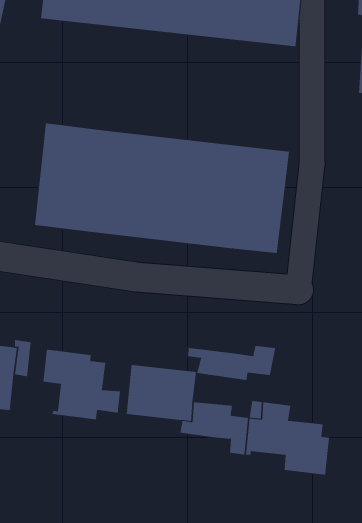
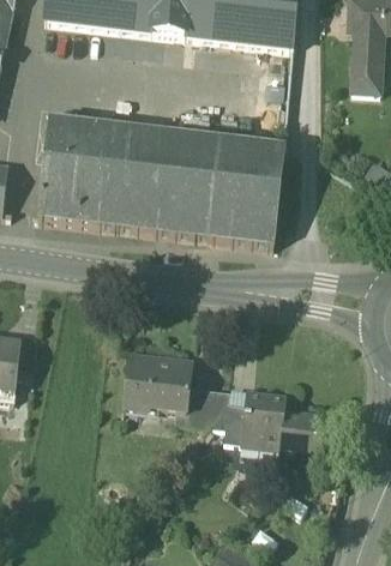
building: [188,345,276,381] -> none
building: [43,349,120,420] -> none

